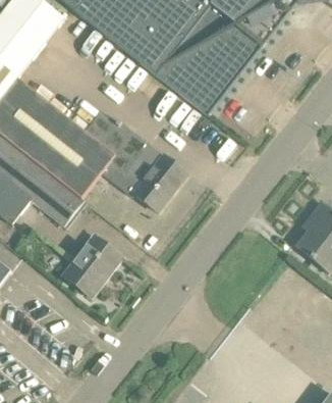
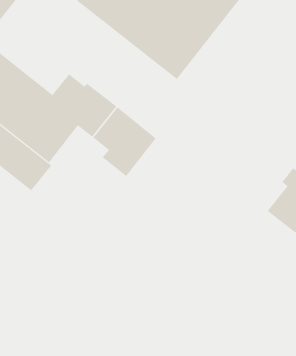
building: [62,235,121,297] -> none

